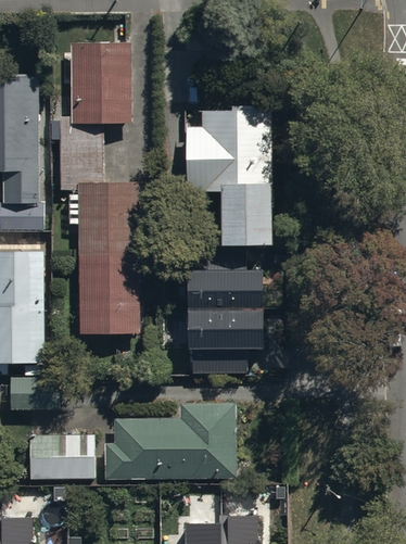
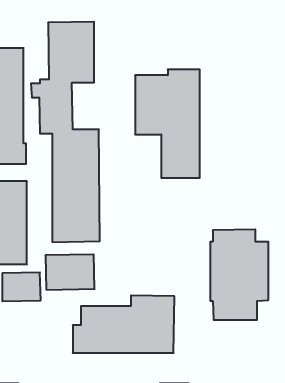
building: [187,256,264,376] -> [210,229,268,320]
building: [29,433,94,480] -> [45,254,95,290]

